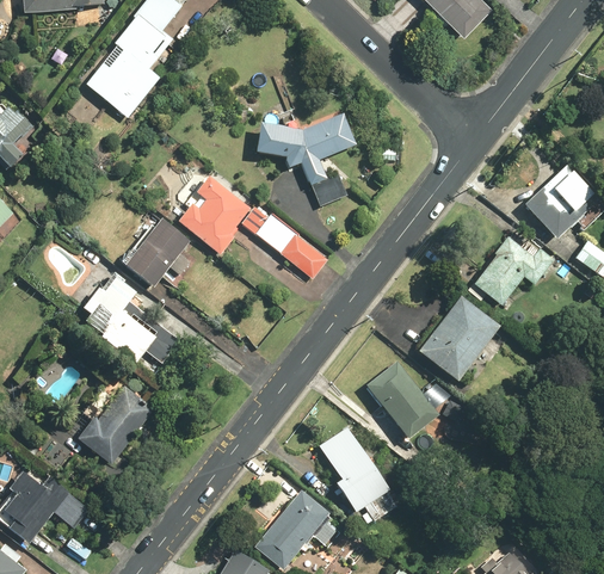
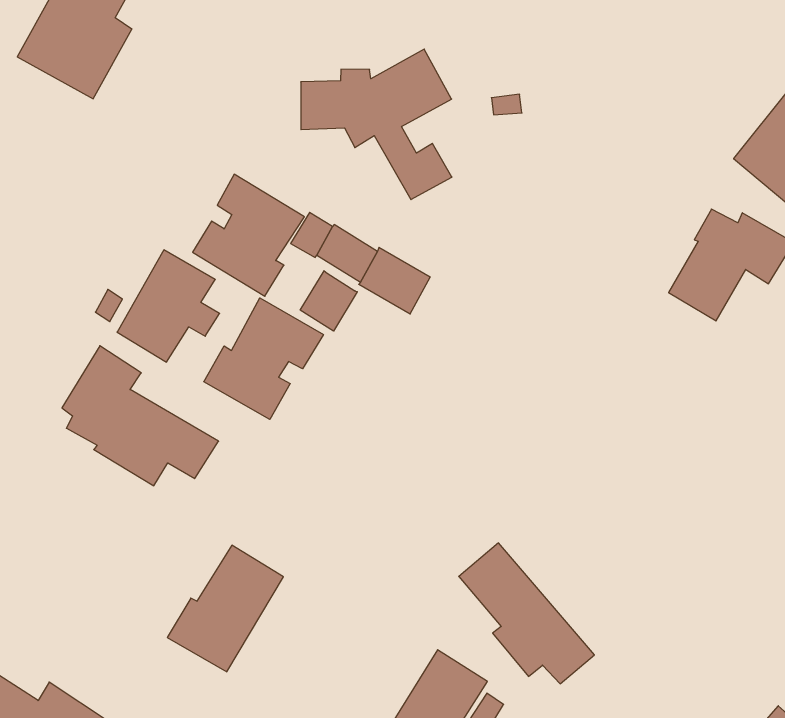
building: none -> [300,271,357,331]
building: none -> [204,298,323,419]
building: [419,296,500,381] -> none
building: [365,362,454,438] -> none
building: [76,387,154,465] -> [167,545,283,672]

